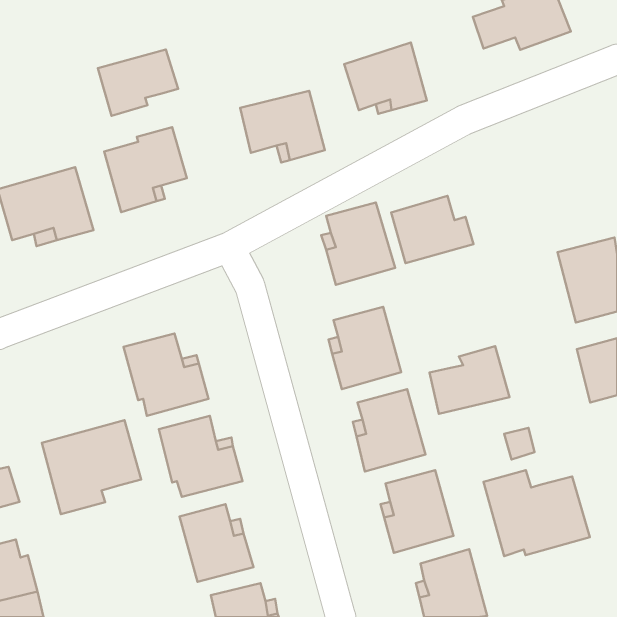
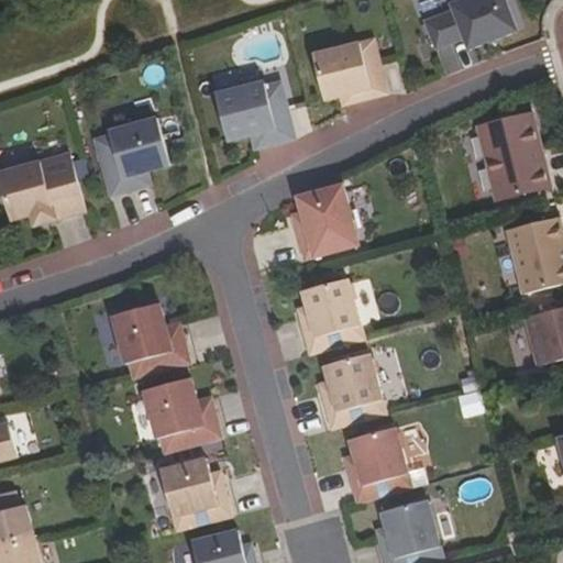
building: [98,49,178,116] -> none
building: none -> [475,111,550,200]
building: [391,196,473,263] -> none
building: [429,346,510,414] -> none
building: [42,420,141,514] -> none
building: [483,470,590,556] -> none

